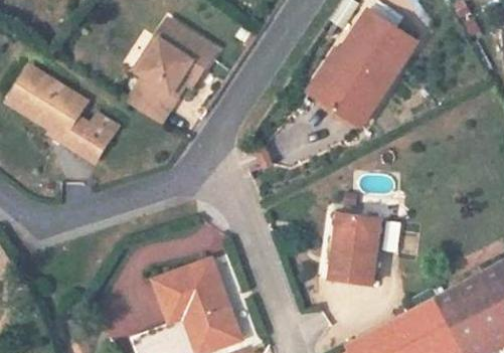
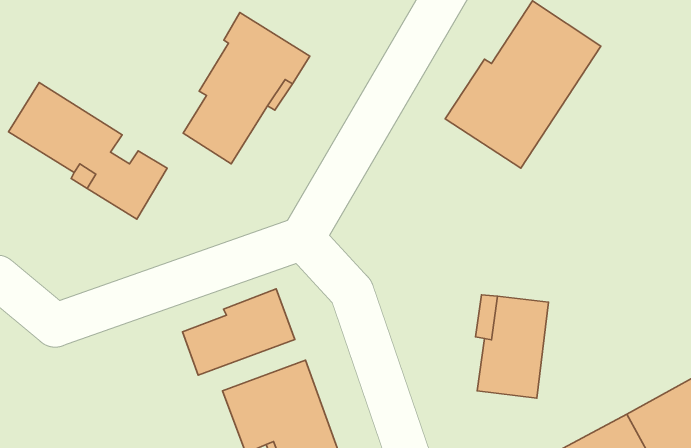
building: none -> [182,289,295,375]

